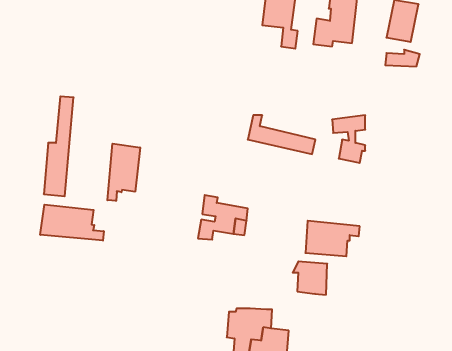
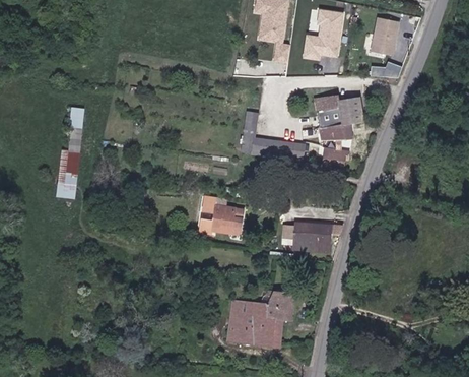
building: none -> [317,93,364,128]
building: [107,144,140,201] -> none
building: [40,205,104,241] -> none
building: [293,261,327,295] -> [260,292,291,322]

